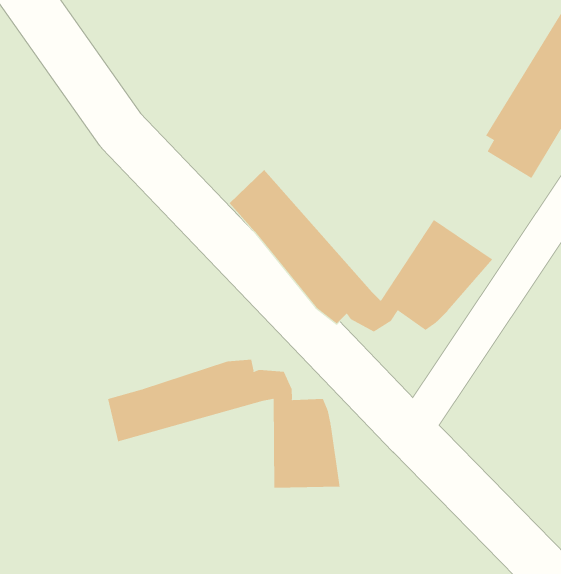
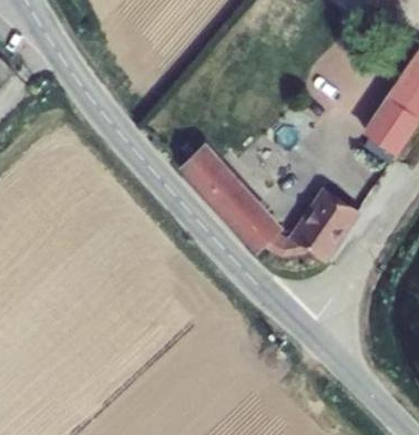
building: [107,359,340,488] -> none

